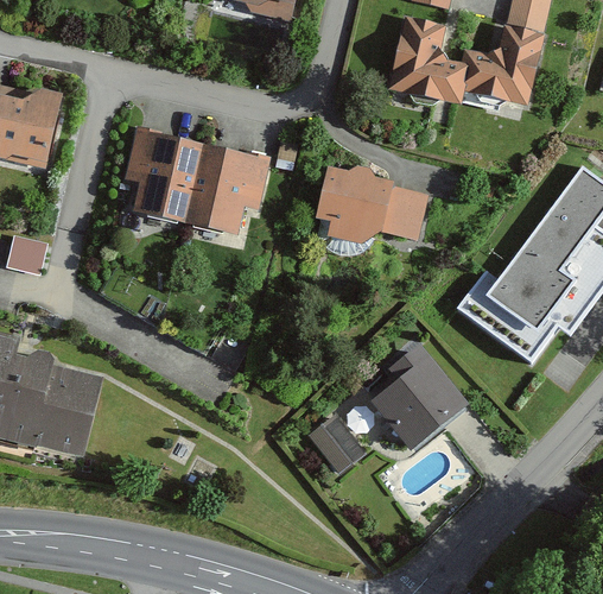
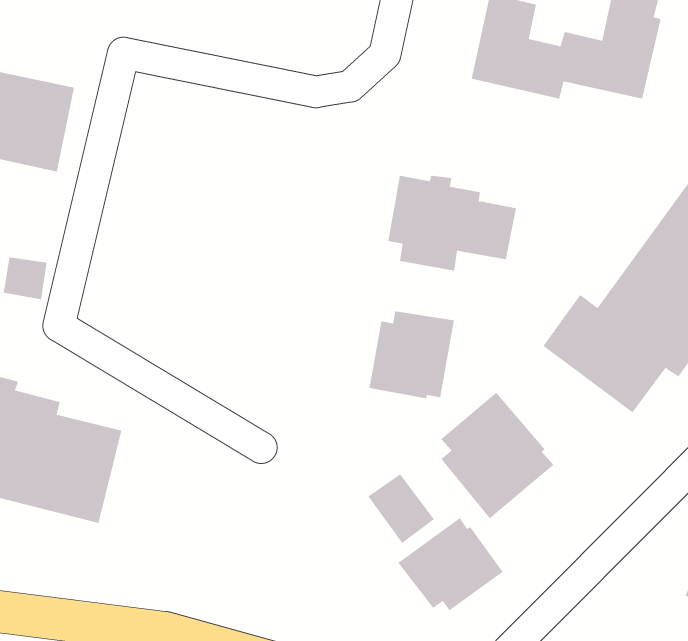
building: [125,128,268,232] -> none
building: none -> [369,311,454,399]
building: none -> [398,517,503,611]

